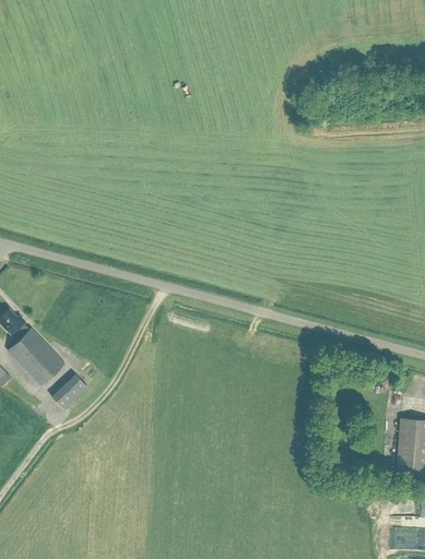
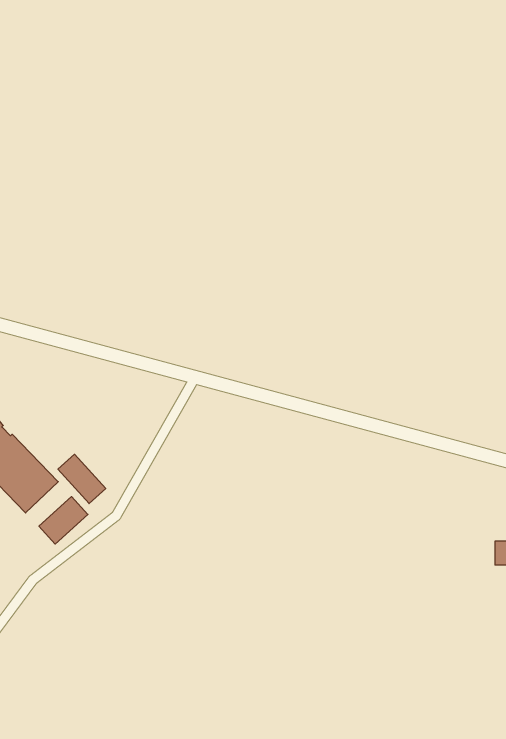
building: none -> [58,454,106,504]

